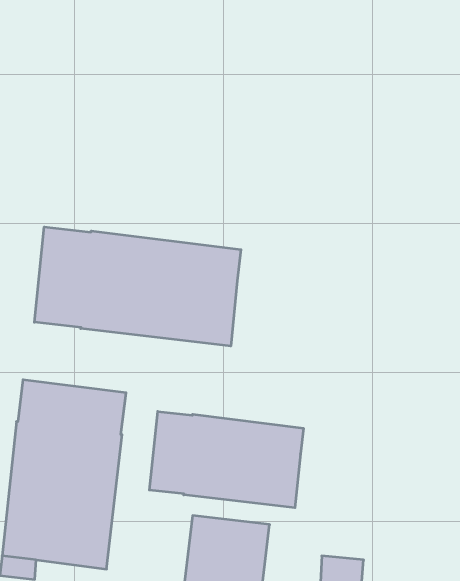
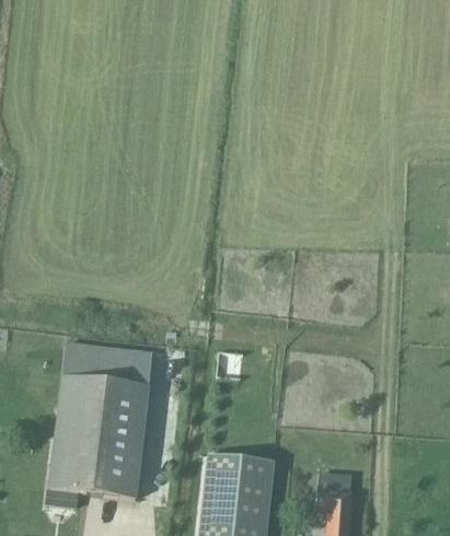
building: [34,227,241,346] -> none
building: [149,411,303,508] -> none

